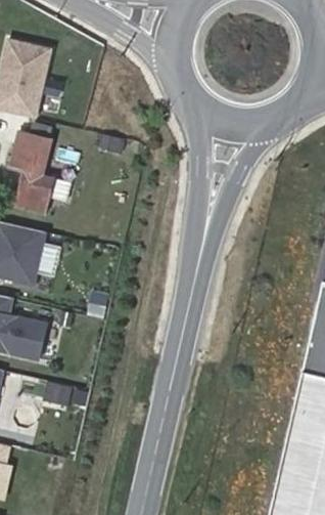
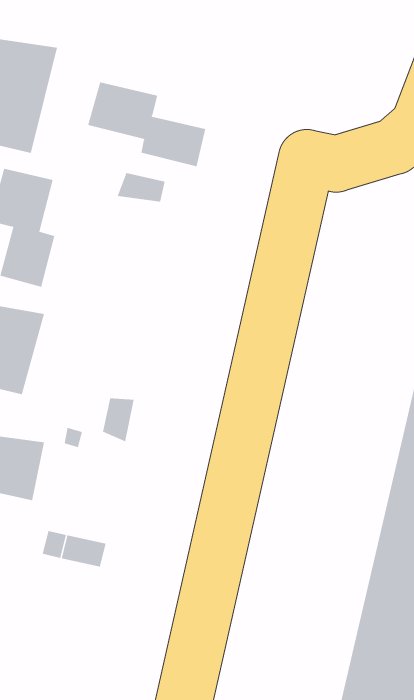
building: none -> [88,82,206,167]

